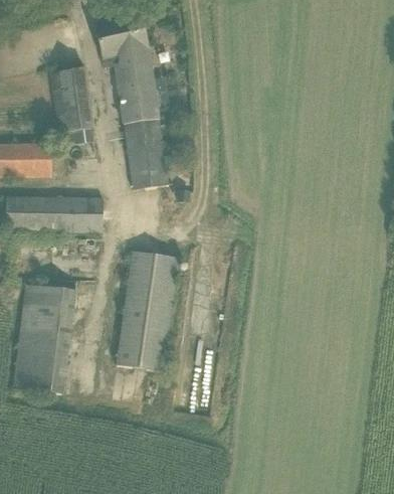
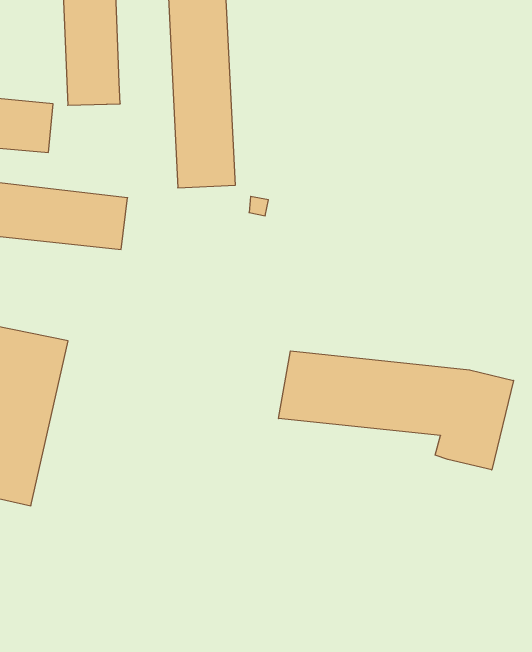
building: [117,250,179,370] -> none
building: none -> [279,351,514,470]

